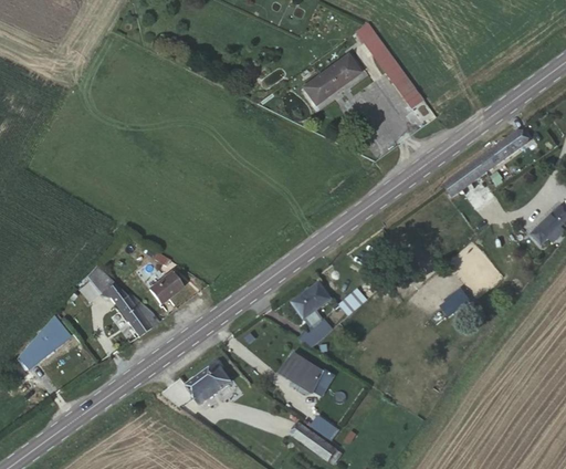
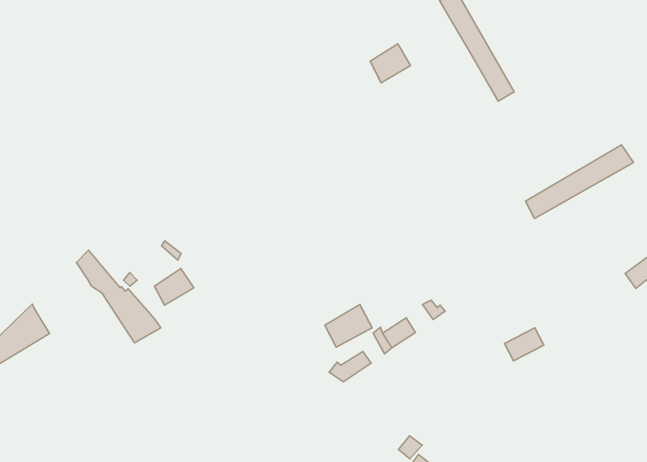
building: [326,54,359,86] -> none
building: [282,351,324,393] -> none
building: [186,365,231,407] -> none

